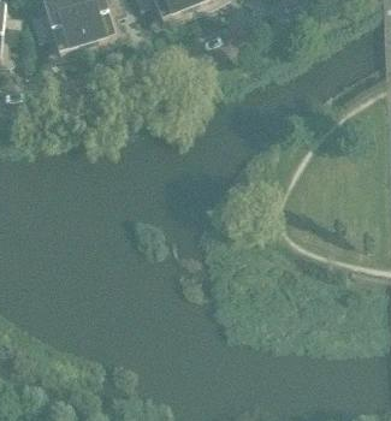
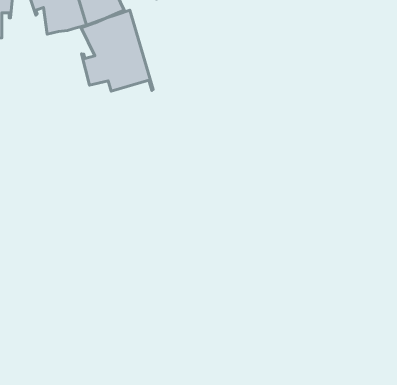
building: none -> [81,10,153,91]

